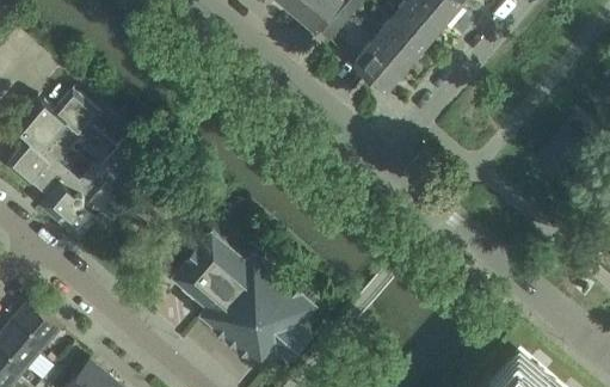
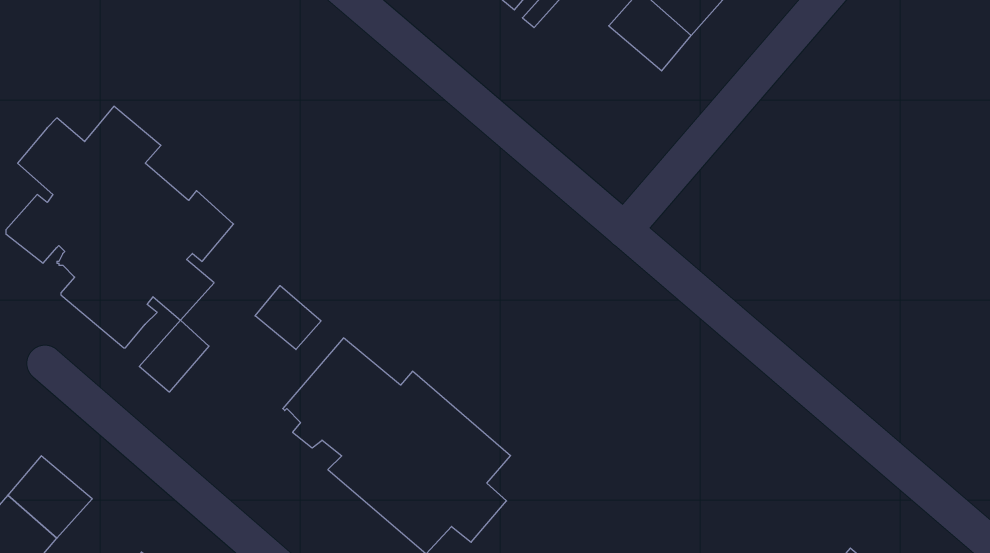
building: [353,42,405,92] -> none
building: none -> [255,286,321,350]
building: none -> [139,320,209,392]

